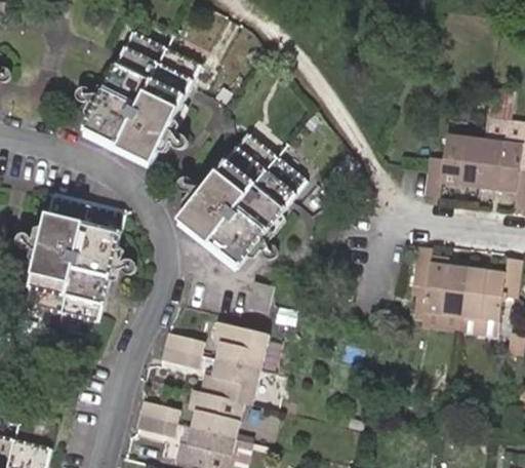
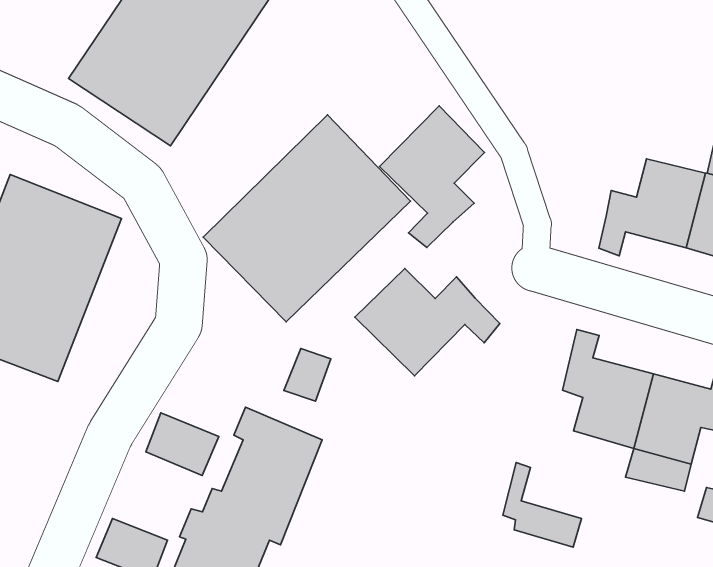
building: none -> [379,106,485,247]
building: none -> [355,268,500,376]
building: [414,286,463,335] -> [503,462,582,547]

